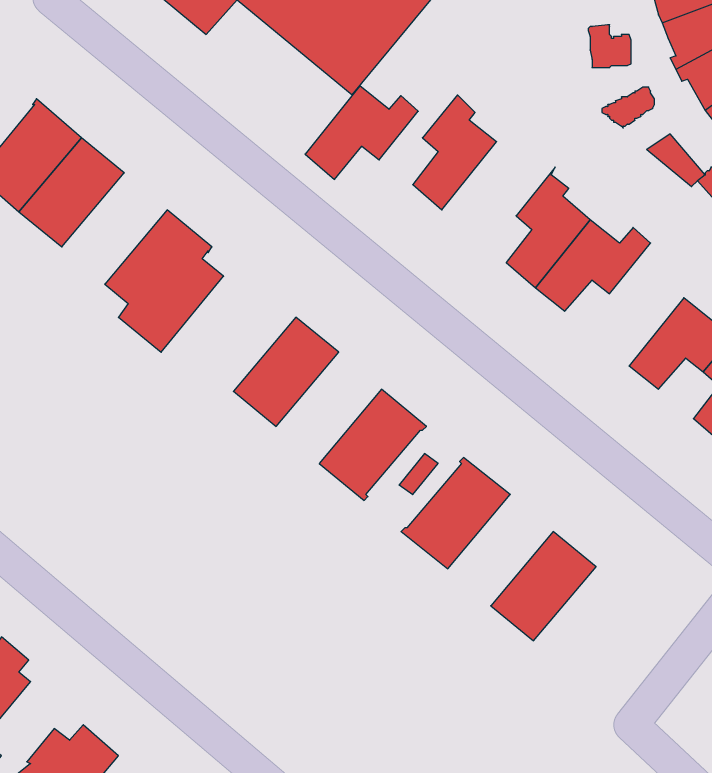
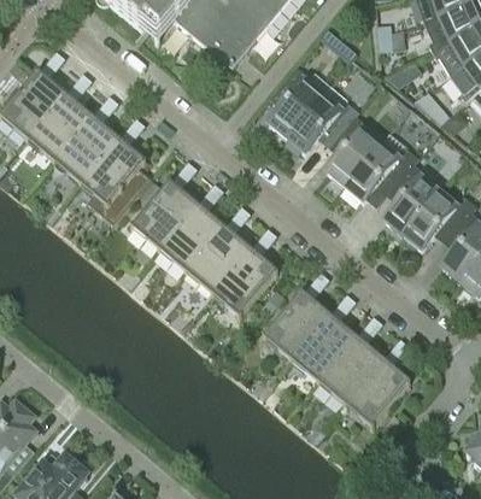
building: [305,86,418,179] -> [287,95,357,153]
building: none -> [52,115,117,183]
building: none -> [385,158,436,234]
building: none -> [129,180,196,250]
building: none -> [184,225,250,294]
building: none -> [291,313,356,382]
building: none -> [344,358,410,428]

